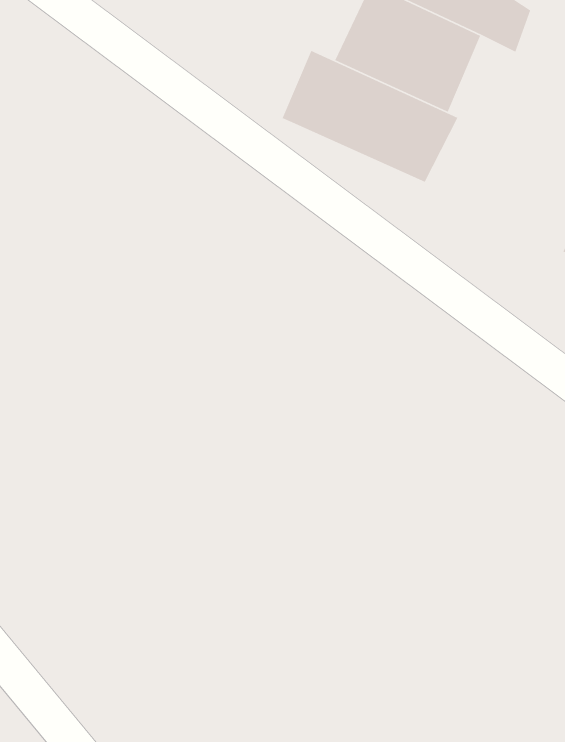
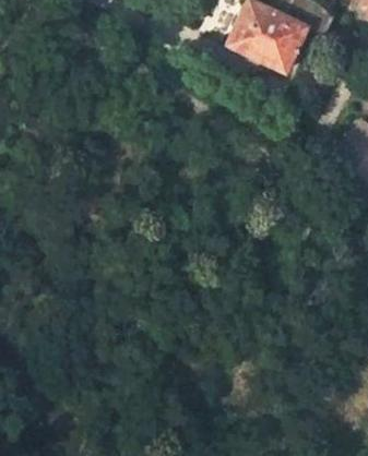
building: [281,50,459,183] -> none

